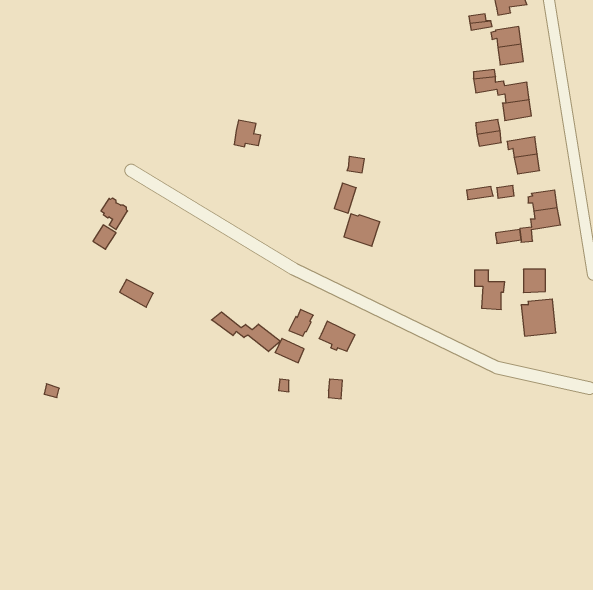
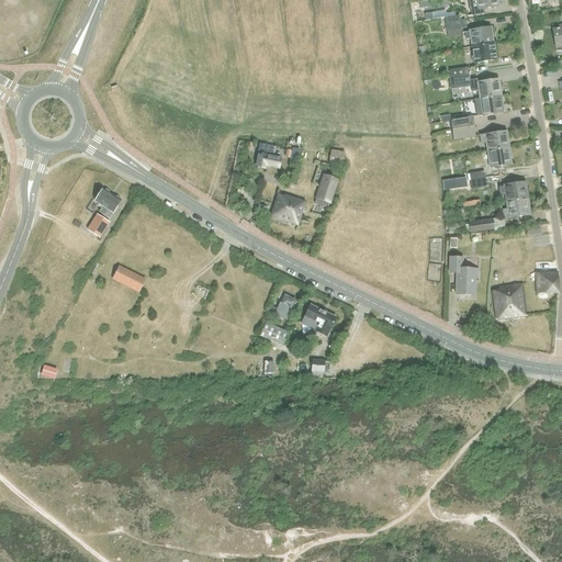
building: [234,120,261,147] -> [255,142,280,167]
building: [344,214,380,246] -> [271,193,305,224]
building: [523,269,545,293] -> [536,270,557,292]
building: [211,312,281,352] -> none

